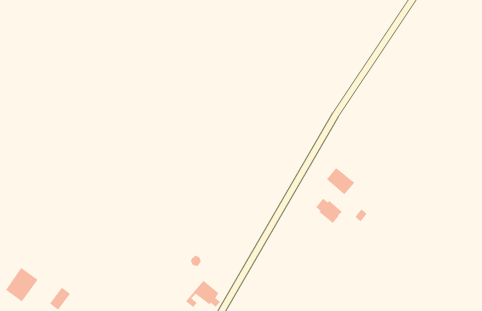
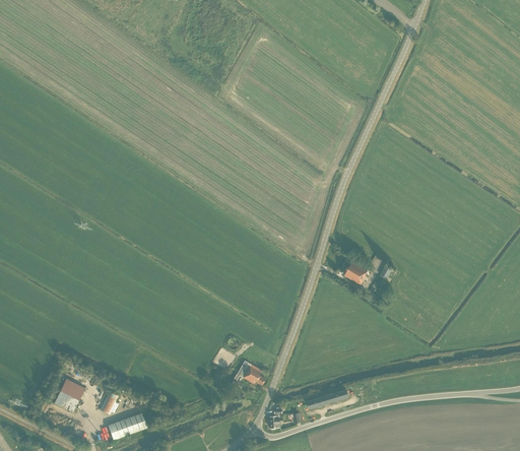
building: [326,167,355,195] -> none

